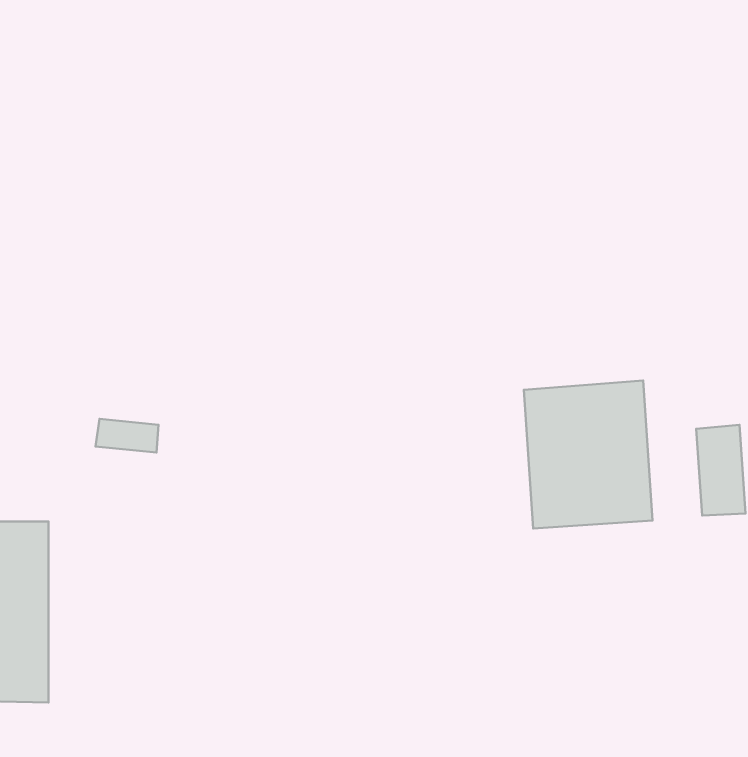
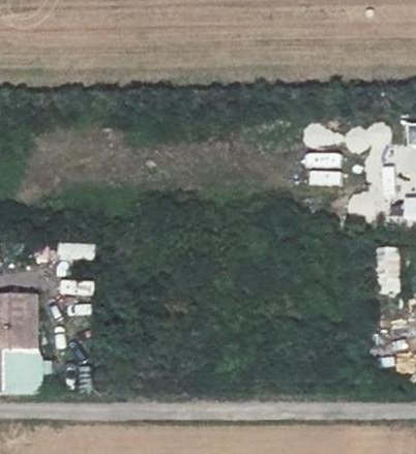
building: [524,380,653,528] -> none

